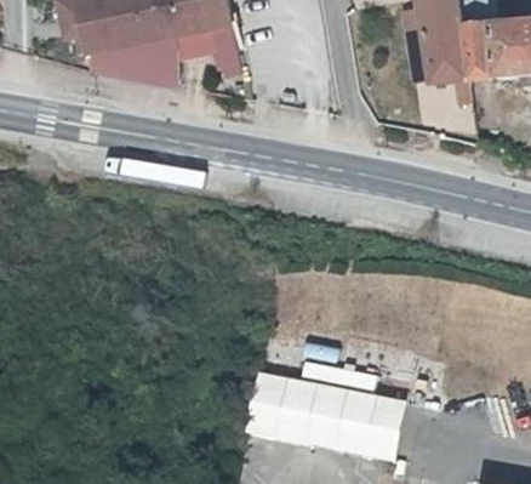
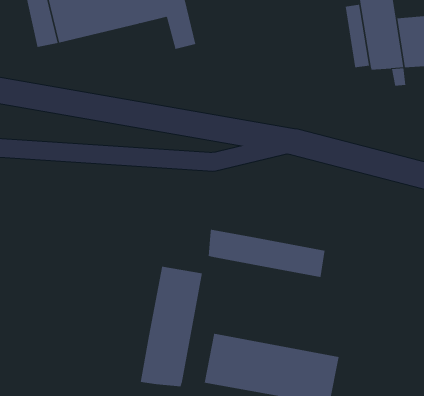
building: [84,29,175,86] -> none
building: none -> [208,229,325,278]
building: none -> [140,266,203,387]

